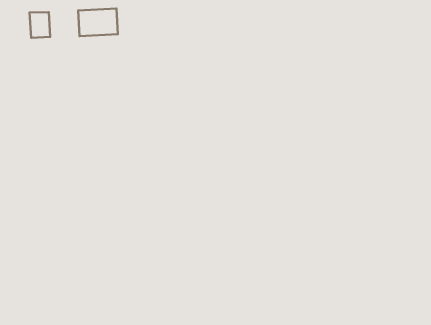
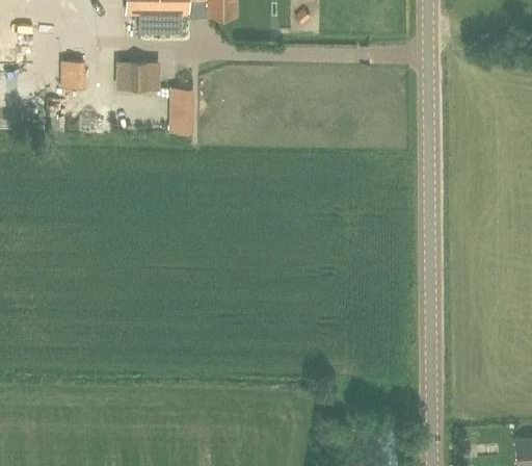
building: none -> [172,90,193,135]

